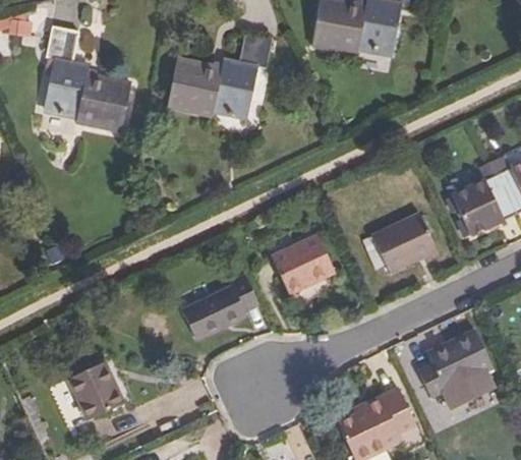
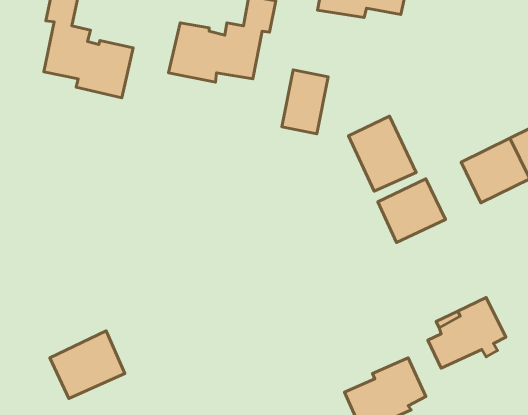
building: none -> [282,70,328,134]
building: none -> [349,116,416,191]
building: [273,238,337,296] -> none
building: [184,276,259,340] -> none

